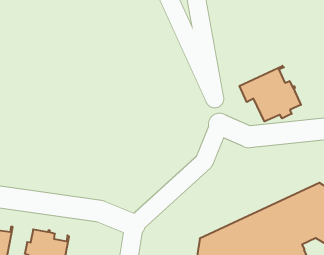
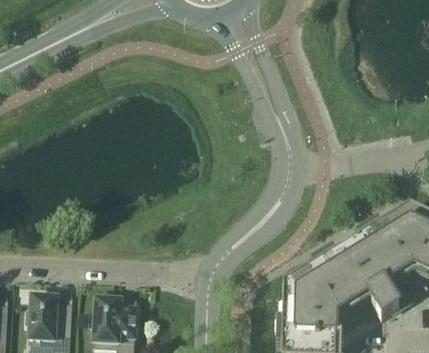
building: [240,66,301,121] -> none

